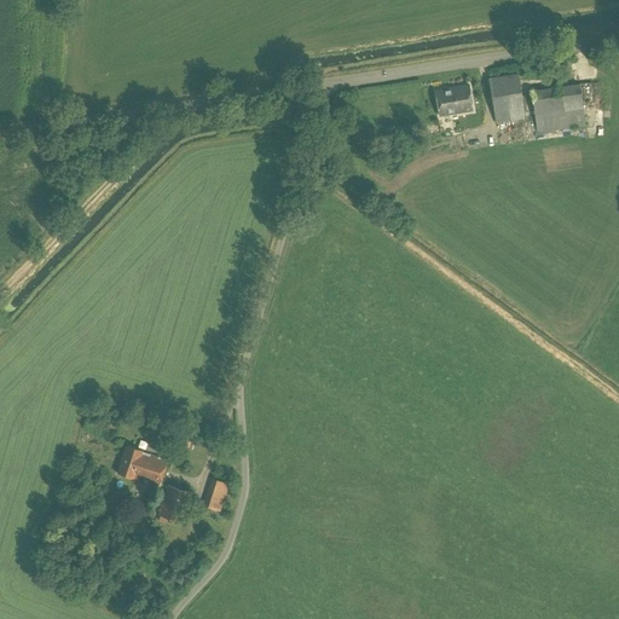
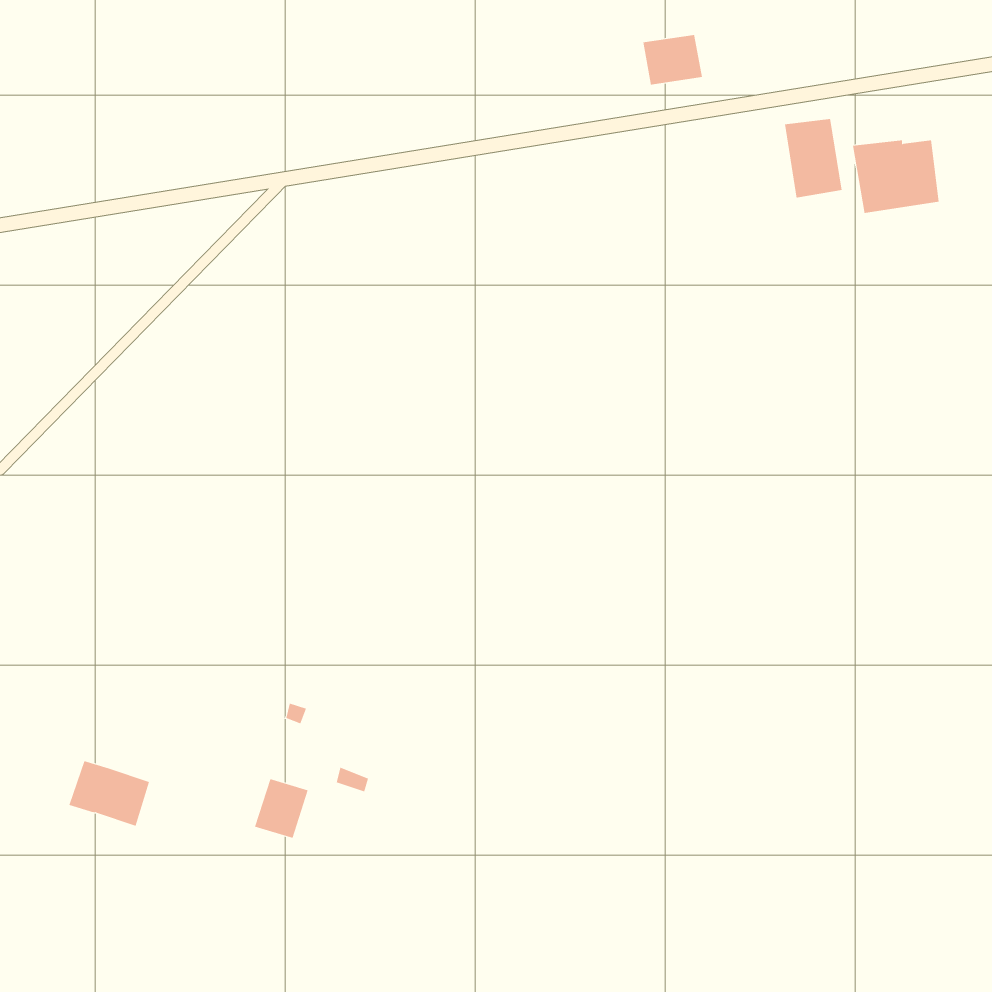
building: [435,85,473,116] -> [643,35,703,85]
building: [117,446,168,487] -> [68,760,150,826]

